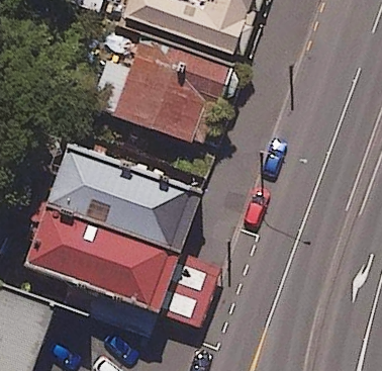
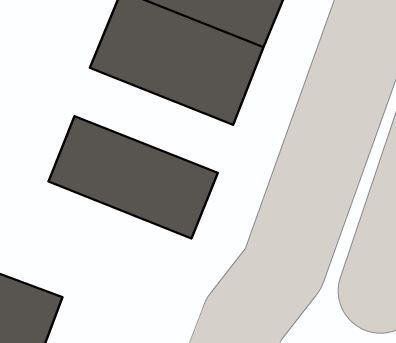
building: [28,206,183,316] -> none

